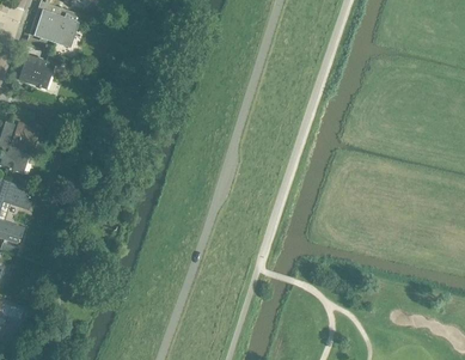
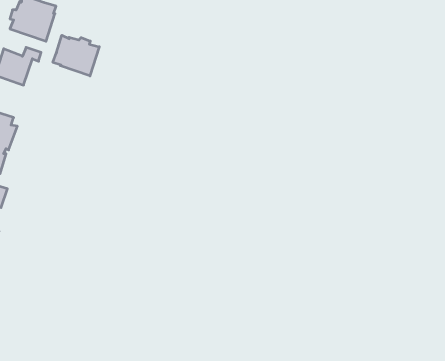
building: none -> [53,35,99,76]

